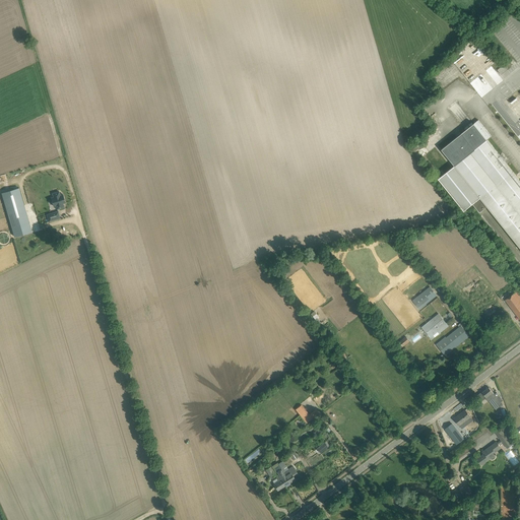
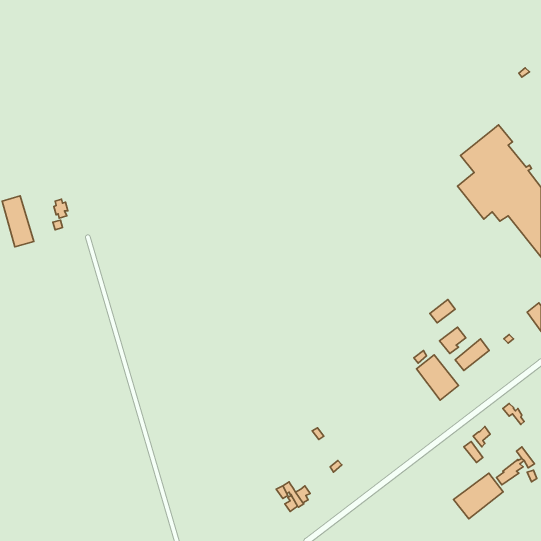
building: none -> [417,355,459,400]
building: none -> [453,473,503,519]

